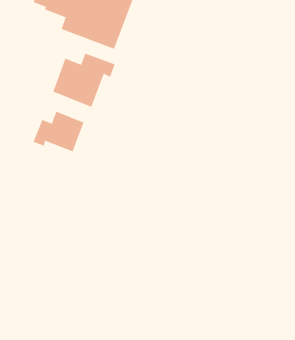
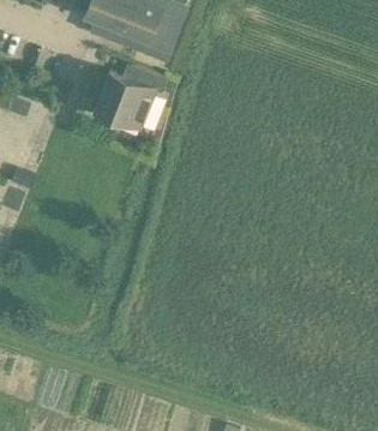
building: [33,111,84,152] -> none

